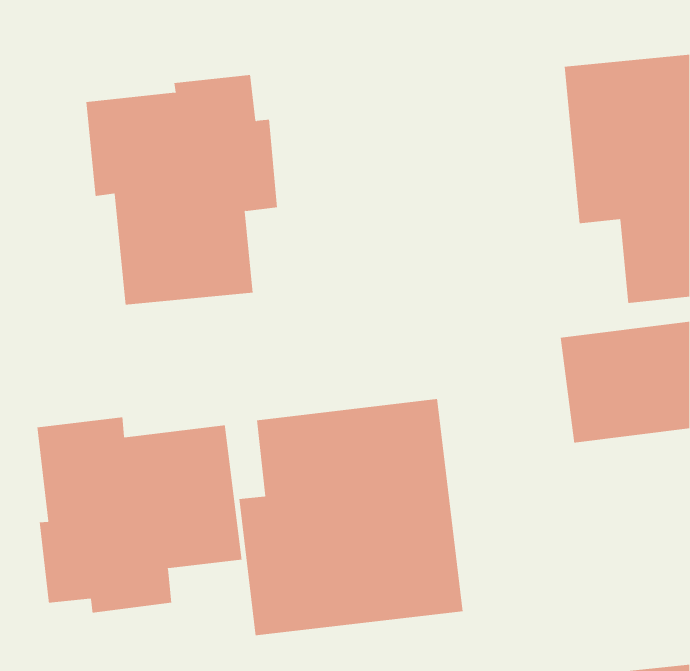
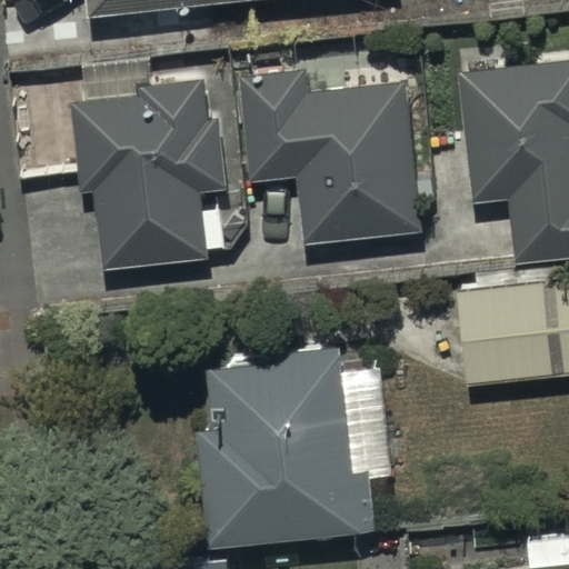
building: none -> [239,69,421,243]
building: [37,417,242,614] -> none

